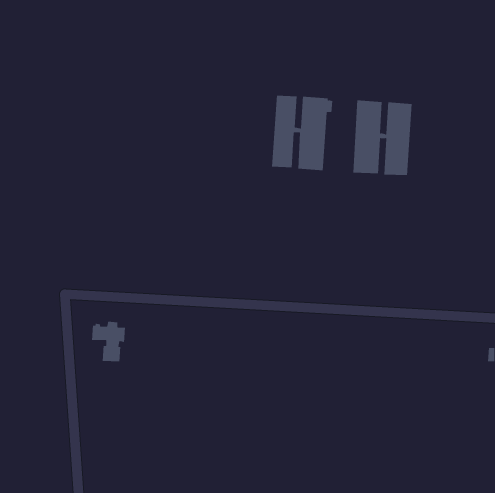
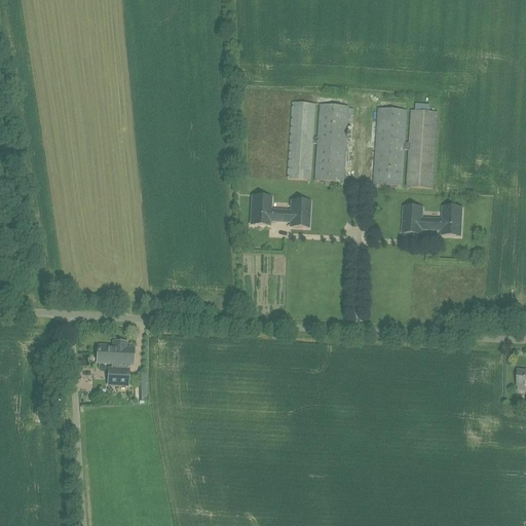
building: none -> [251,194,310,226]
building: none -> [403,205,461,234]

